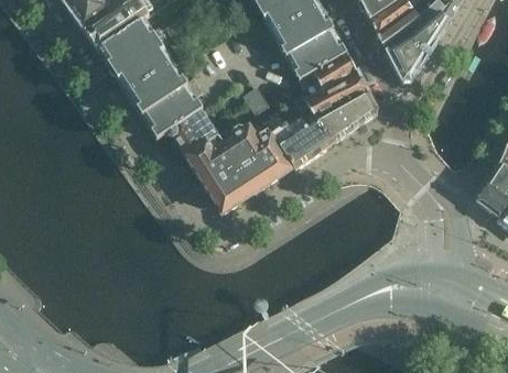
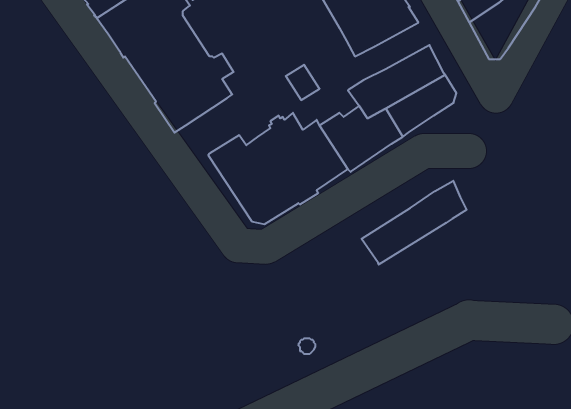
building: [313,51,356,87] -> none
building: [165,110,221,153] -> none
building: none -> [362,181,467,265]

